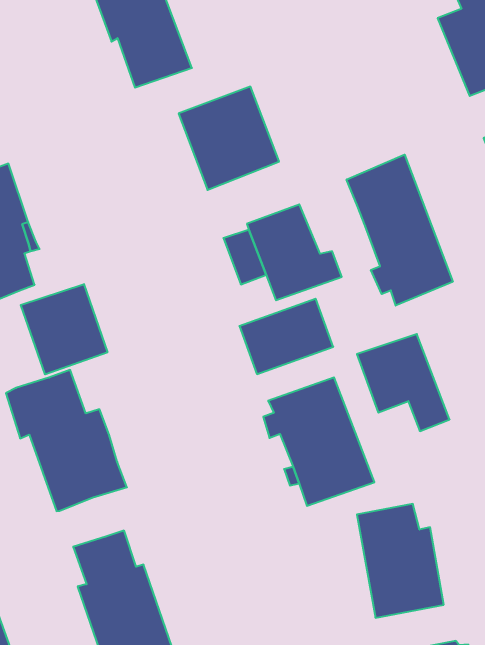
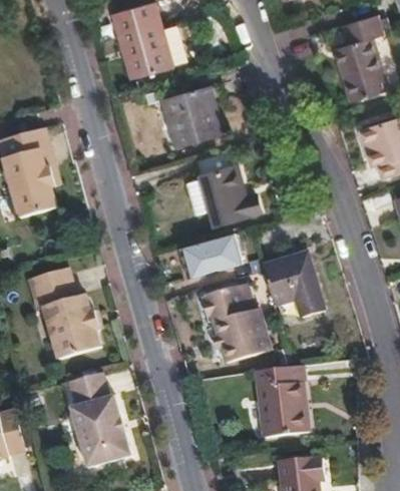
building: [347,155,453,306] -> none
building: [21,284,107,374] -> none

